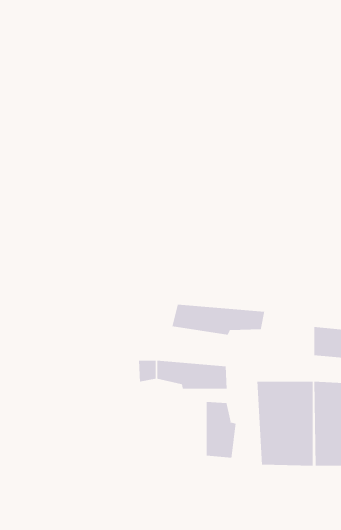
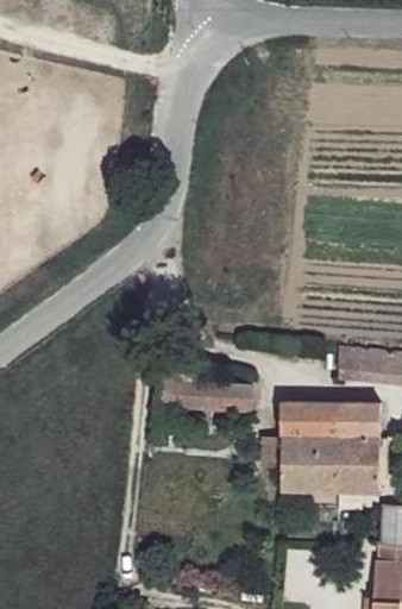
building: [172,304,265,335] -> none
building: [206,401,236,459] -> none

